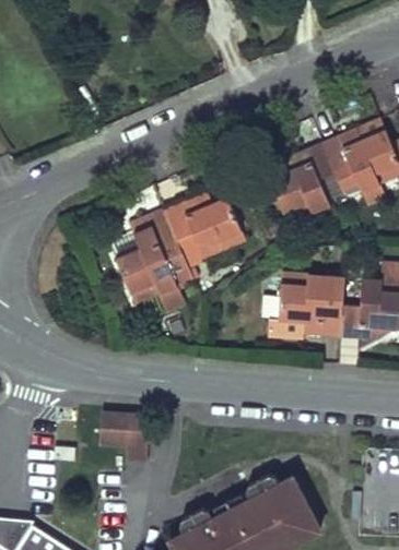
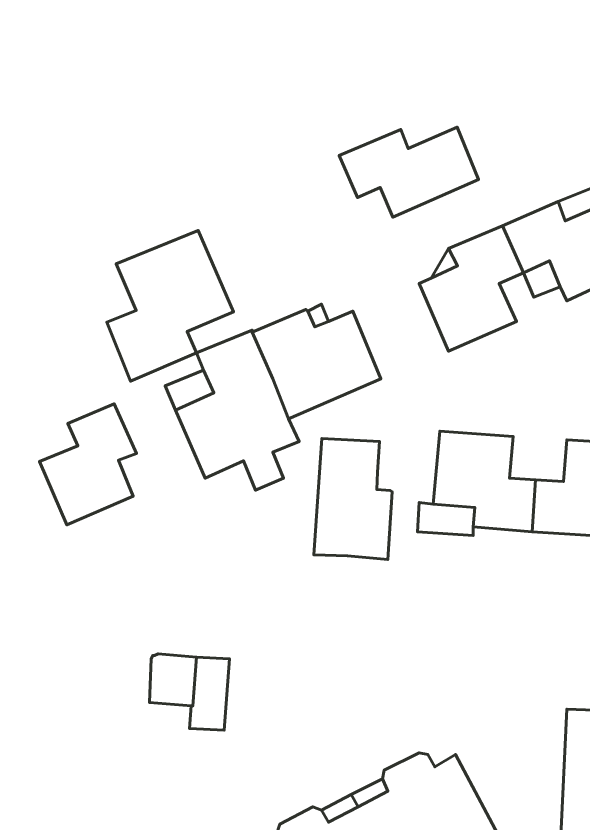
building: none -> [339,127,478,217]
building: none -> [107,230,234,381]
building: none -> [40,404,136,525]
building: none -> [314,439,392,560]

